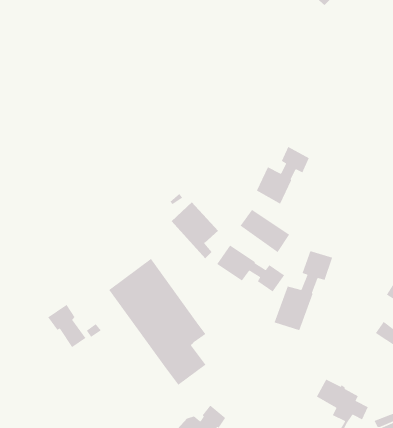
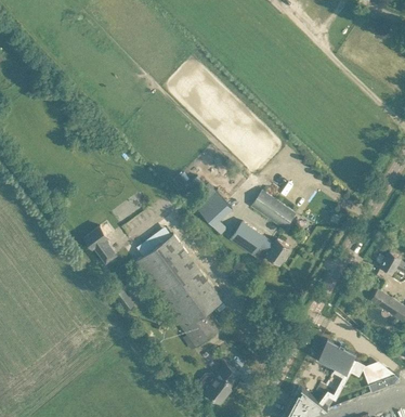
building: [256,146,310,205] -> none
building: [273,250,333,331] -> none
building: [47,304,87,348] -> [82,225,117,264]

